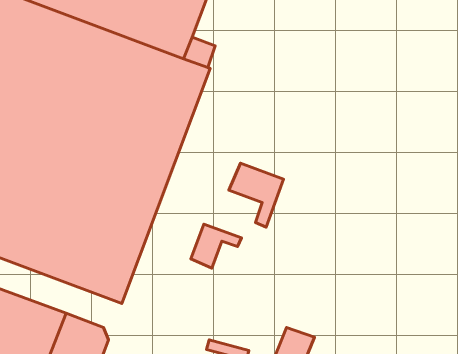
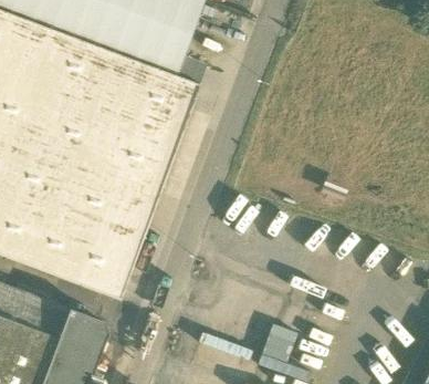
building: [229,163,284,227] -> none
building: [191,224,241,268] -> none

